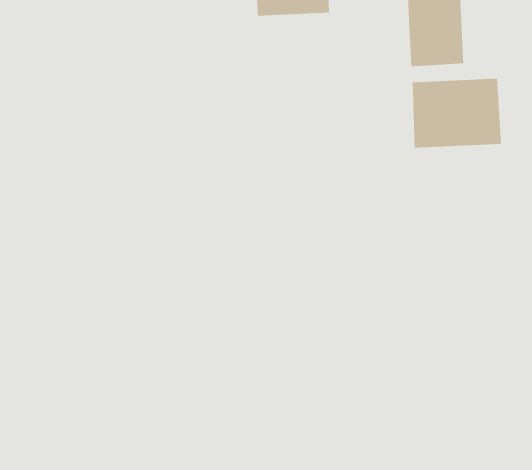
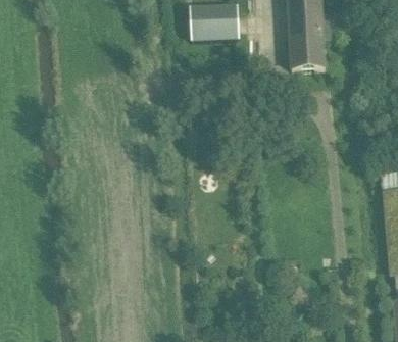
building: [412,78,502,149] -> none

